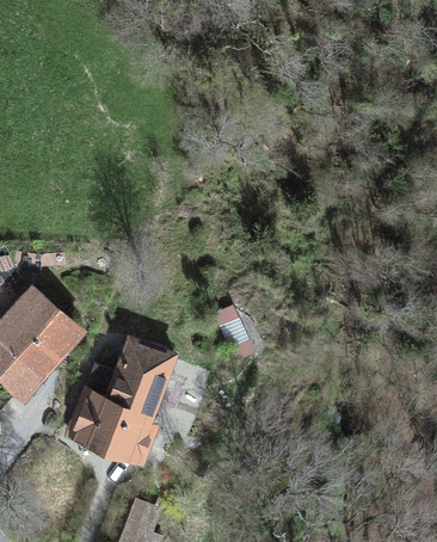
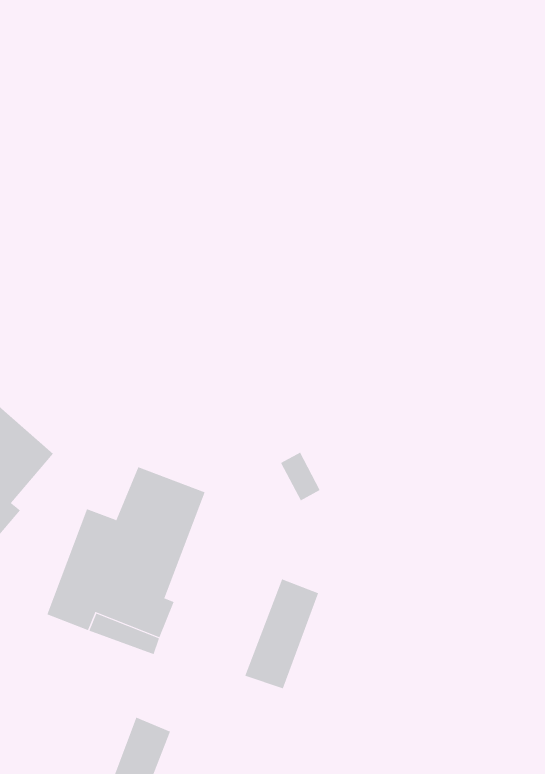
building: none -> [245,578,319,689]

